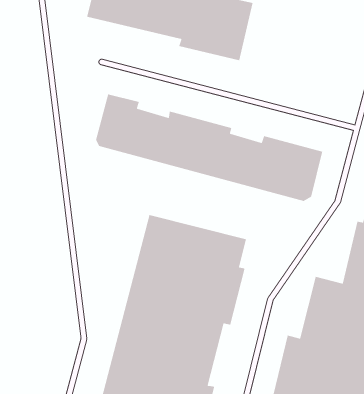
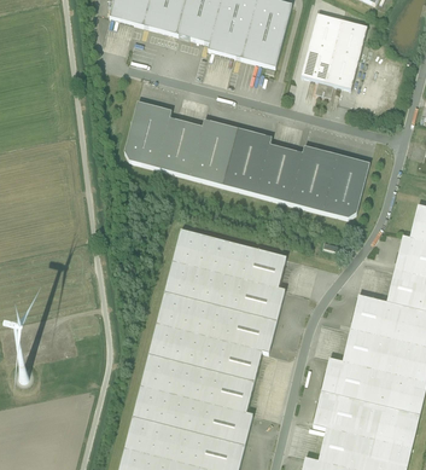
building: none -> [302,14,368,100]

